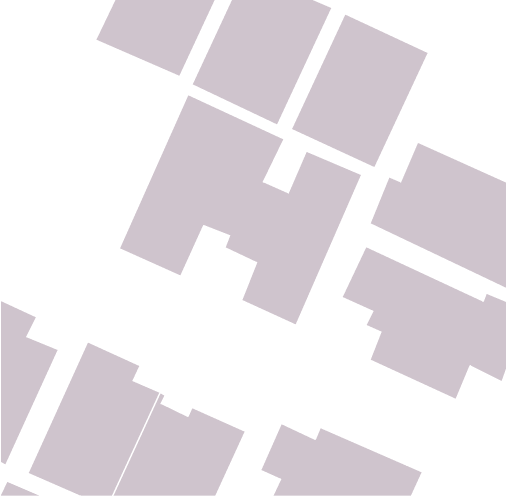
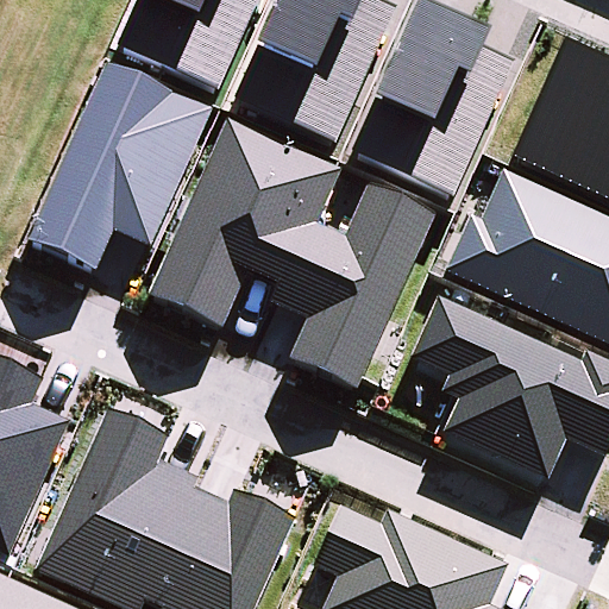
building: none -> [26,59,214,272]

